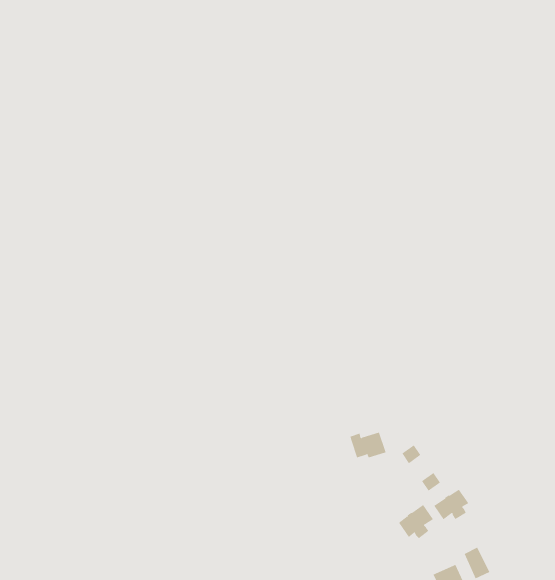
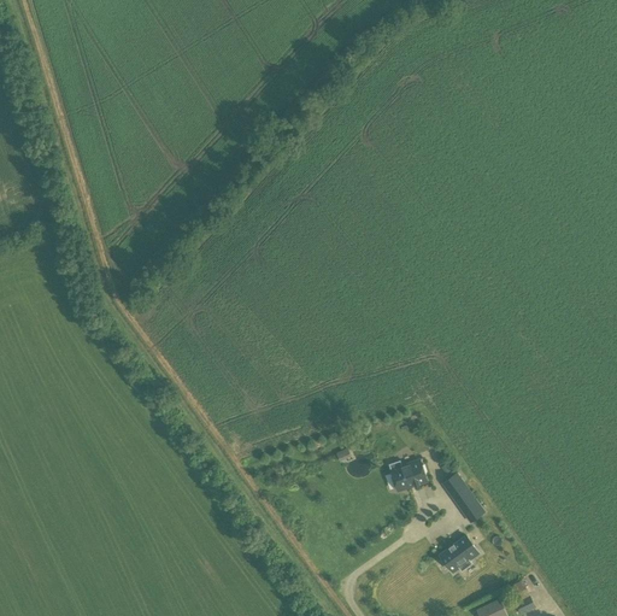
building: [433,489,469,520] -> none

